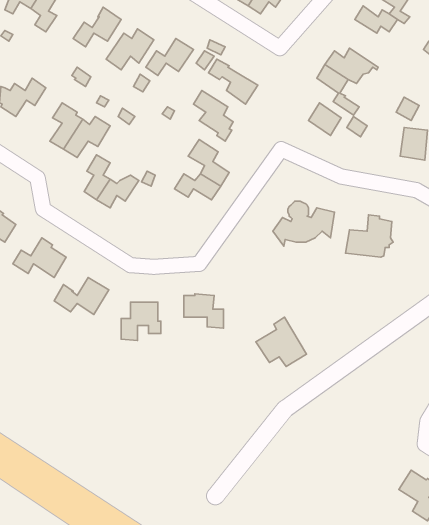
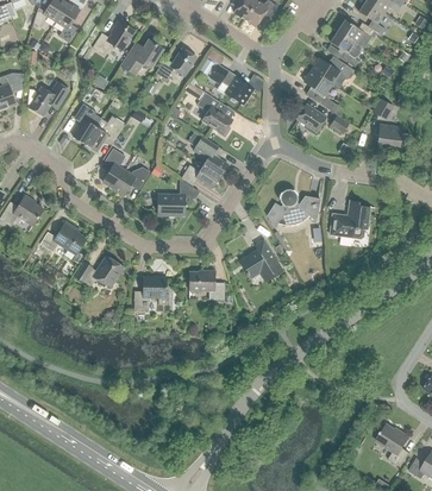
building: none -> [330,31,362,67]
building: none -> [157,178,199,215]
building: [256,317,307,366] -> [238,239,282,282]

